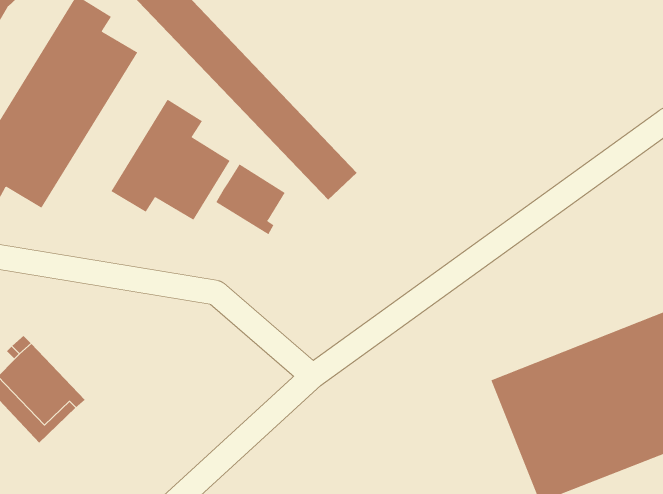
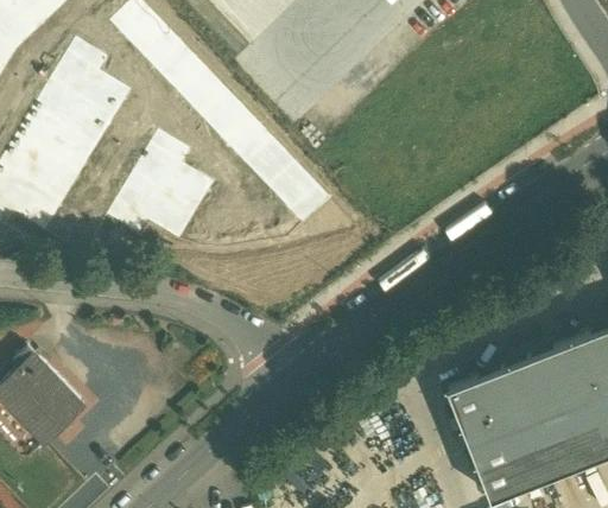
building: [216,164,285,235] -> none

